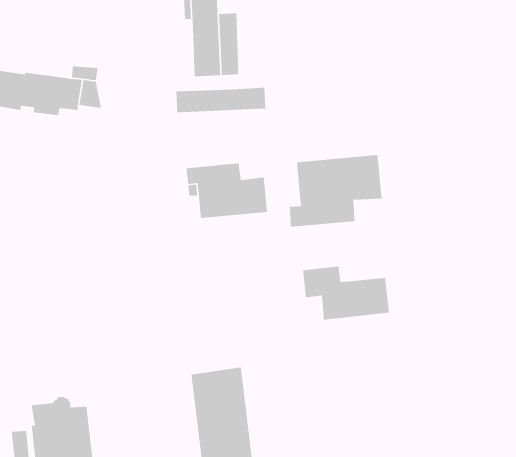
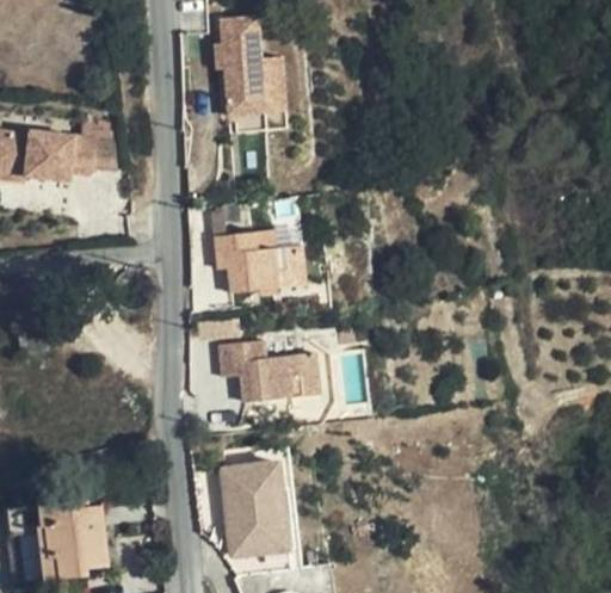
building: [175,87,266,113] -> none
building: [289,154,383,228] -> none
building: [302,266,390,320] -> [222,339,321,401]

